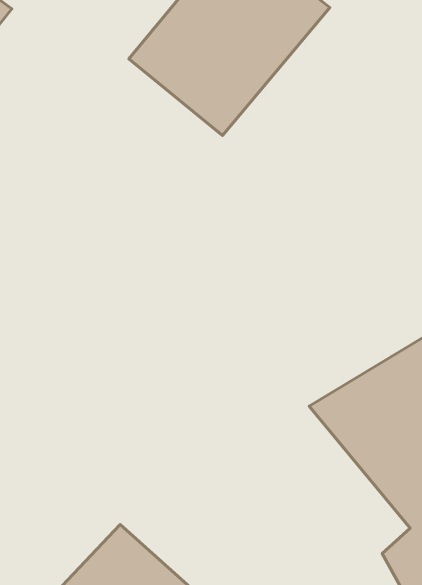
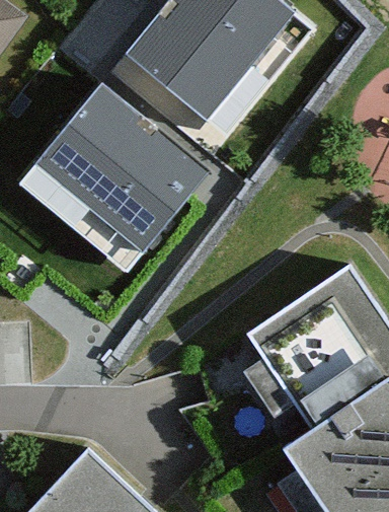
building: none -> [27,96,189,253]

